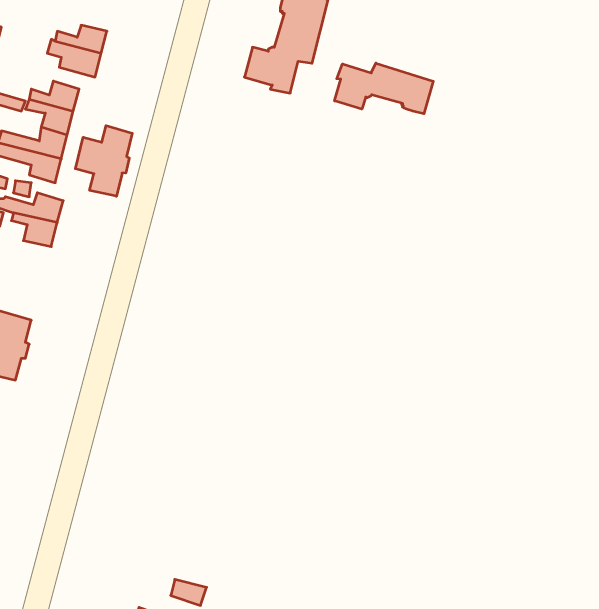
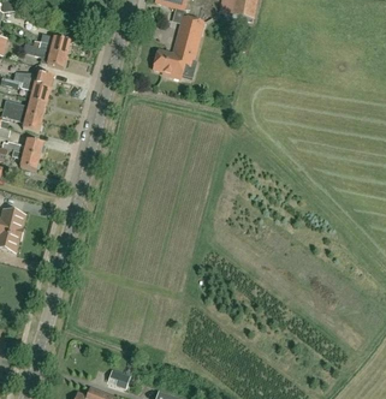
building: [335,63,433,114] -> none
building: [75,126,132,196] -> none

